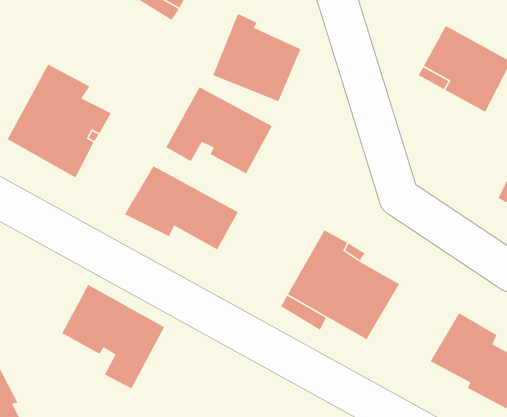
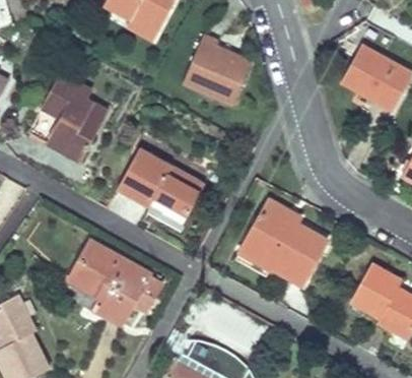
building: [165,86,273,174] -> none

